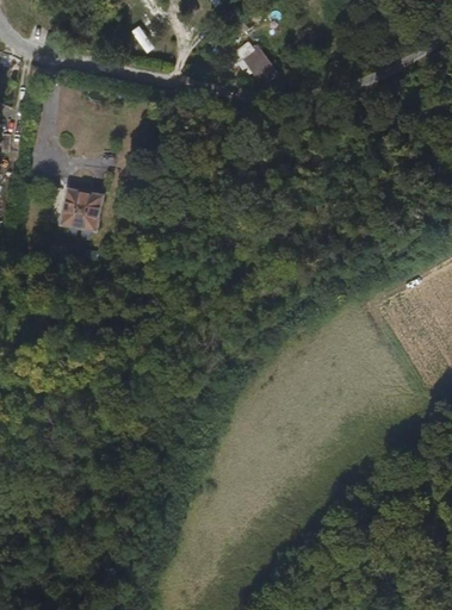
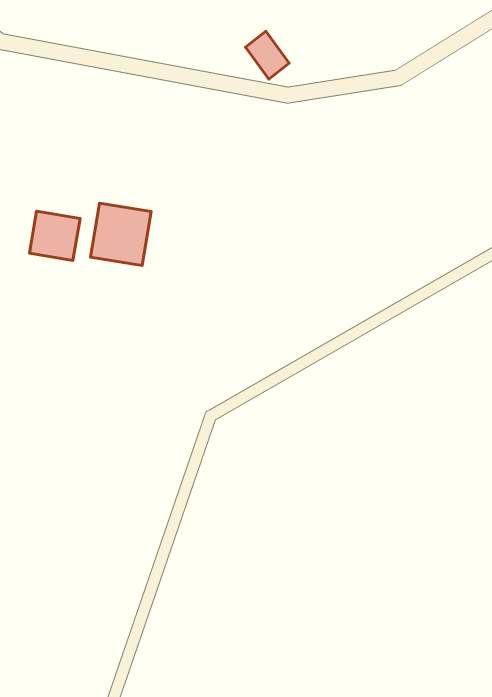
building: none -> [91,203,151,265]

